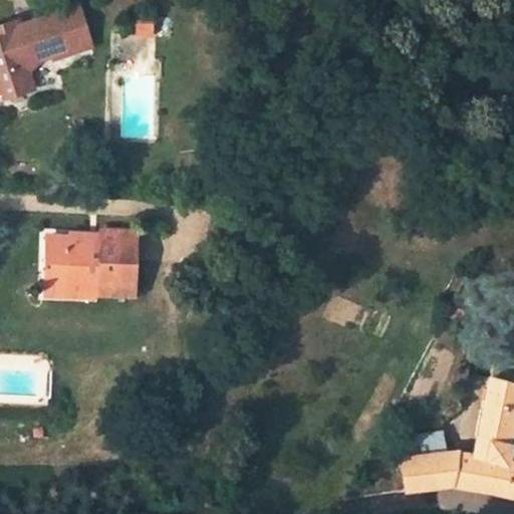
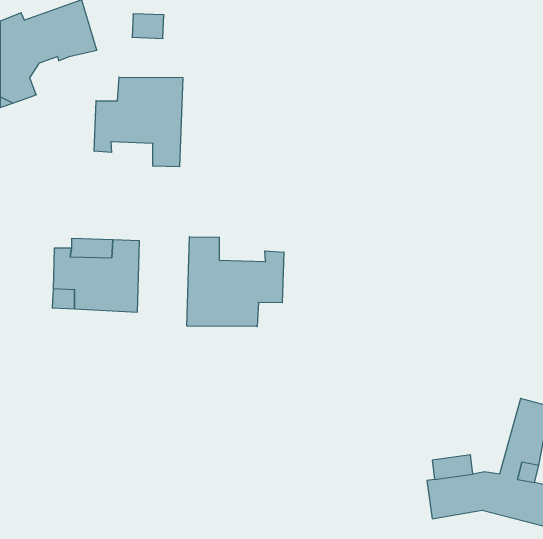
building: none -> [94,77,183,167]
building: none -> [187,237,284,327]

